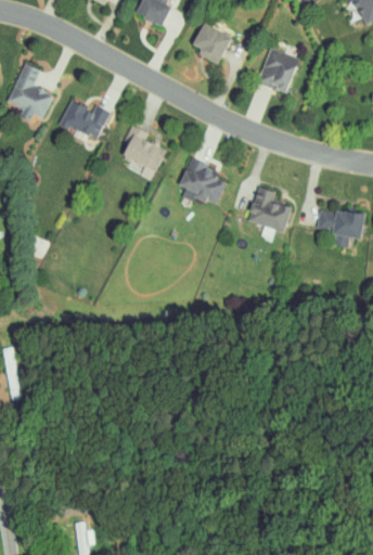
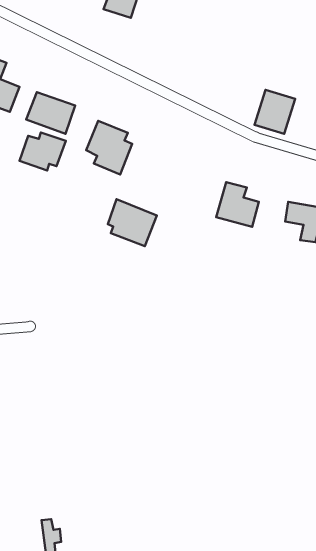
building: [192,23,231,64] -> none
building: [258,49,298,92] -> [255,90,295,134]
building: none -> [19,132,66,170]
building: [180,160,229,207] -> [108,199,157,246]

